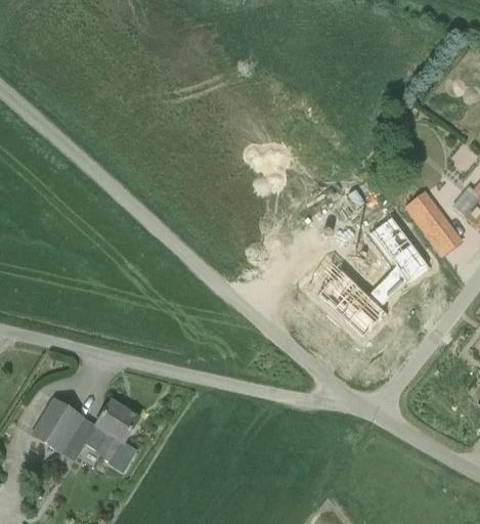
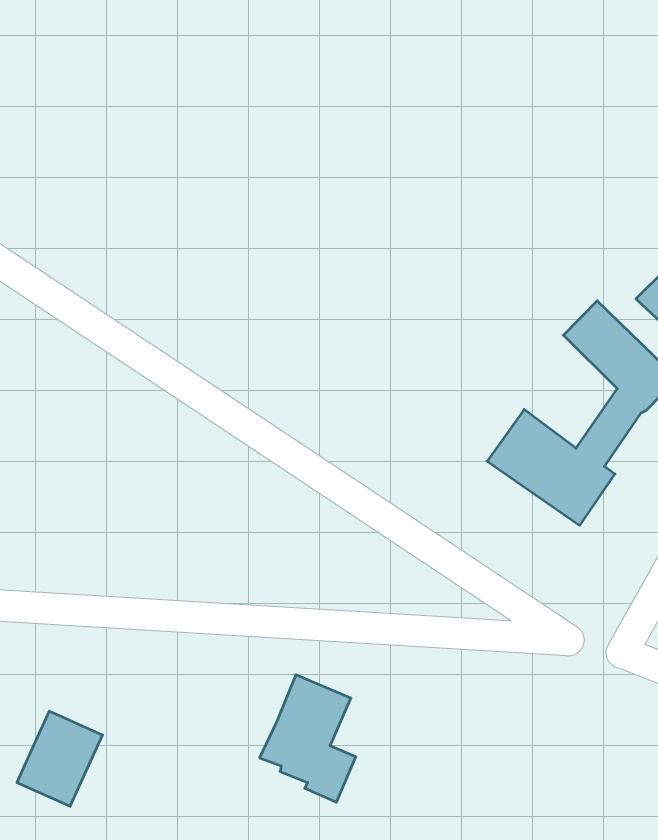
building: [84,398,139,472] -> [260,675,356,802]

